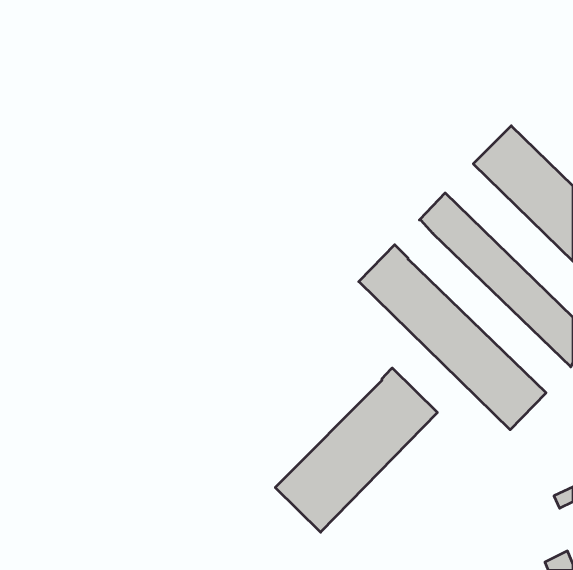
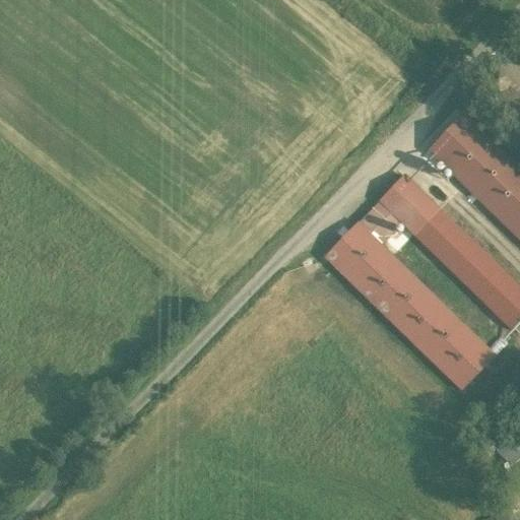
building: none -> [359,199,392,235]
building: [275,368,437,532] -> none

